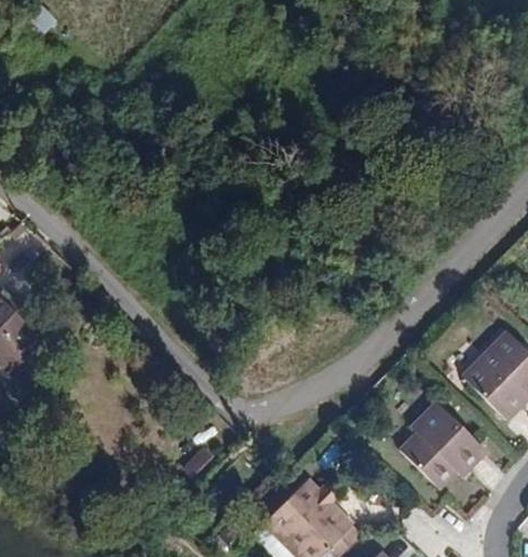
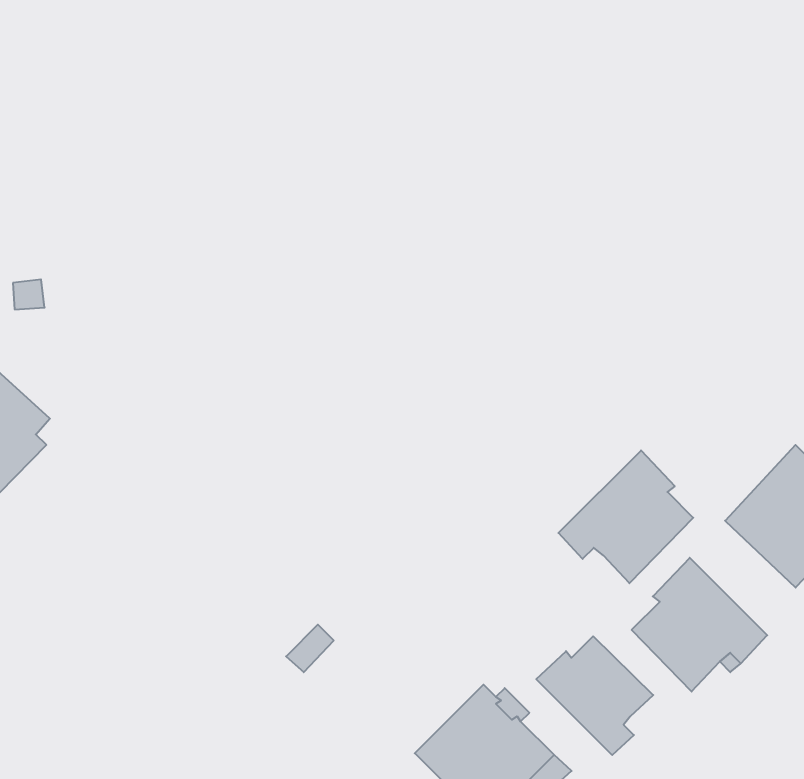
building: none -> [558,450,693,583]
building: none -> [536,636,653,755]

